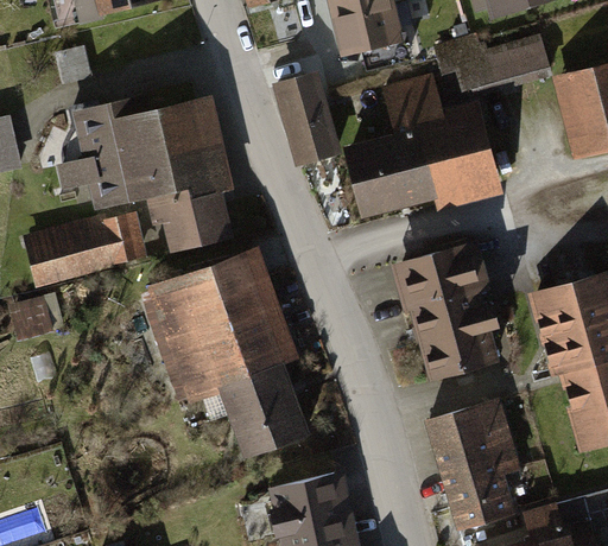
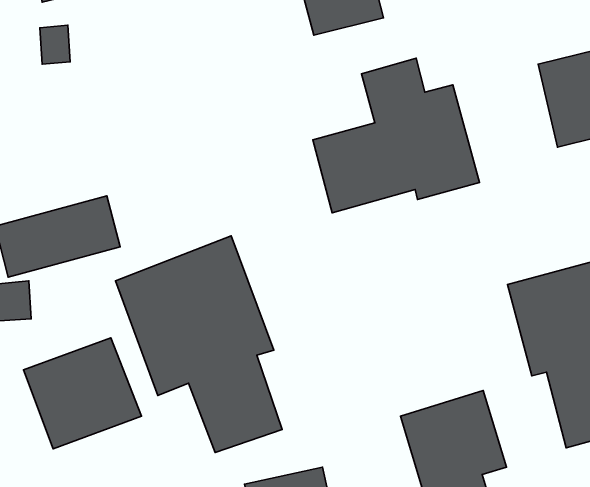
building: [439,33,552,96] -> none
building: [274,64,341,157] -> none
building: [56,95,233,255] -> none
building: [390,243,496,381] -> none
building: none -> [24,338,142,449]

